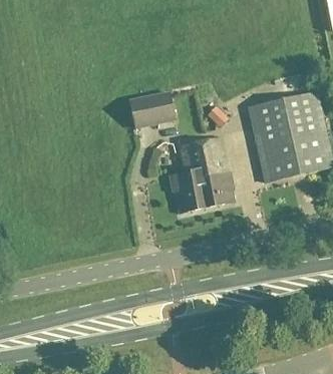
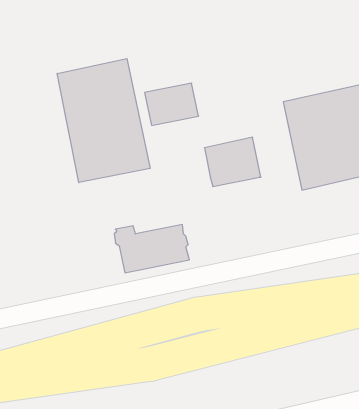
building: none -> [57,59,150,183]
building: [170,170,234,212] -> [114,225,189,273]

